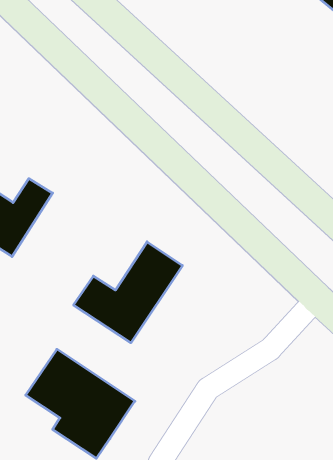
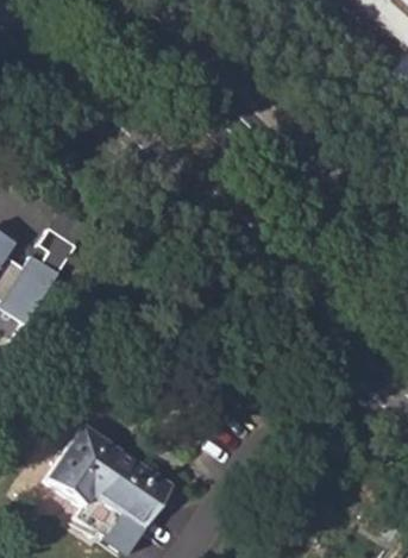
building: [74,242,182,343] -> none

